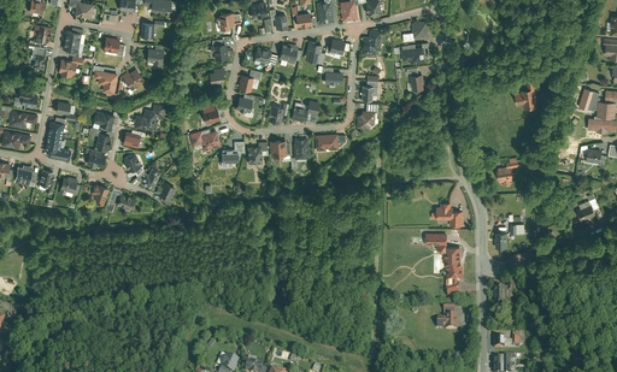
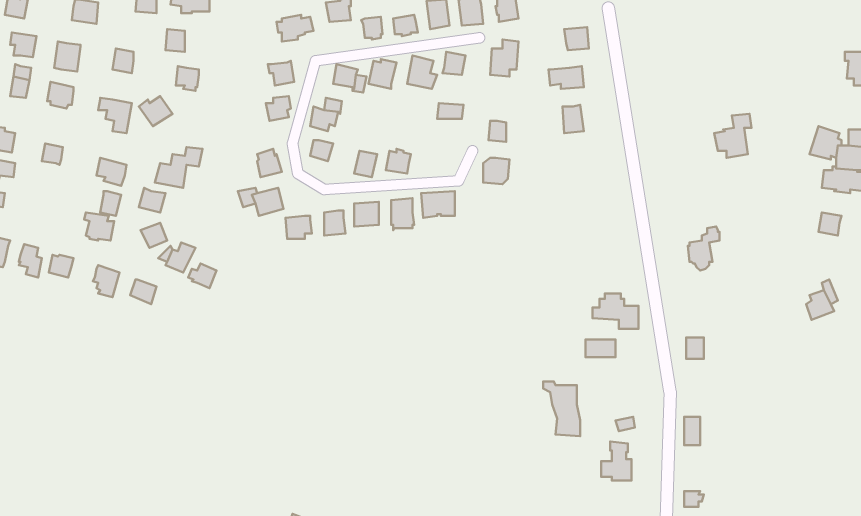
building: [45,122,70,159] -> none
building: [439,246,464,283] -> [543,382,580,436]

